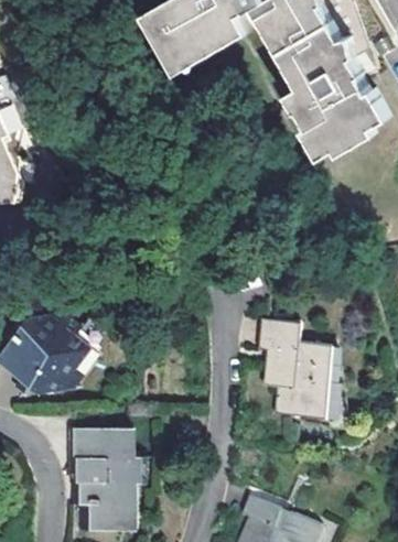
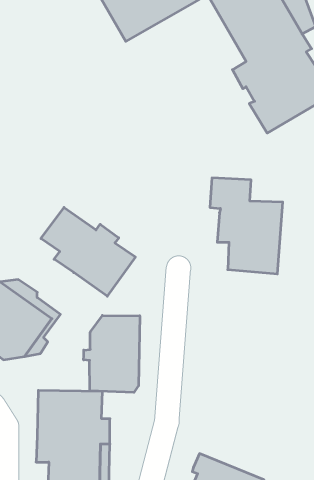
building: none -> [41,207,135,296]
building: [254,318,330,419] -> [210,178,283,274]
building: none -> [84,315,140,392]

